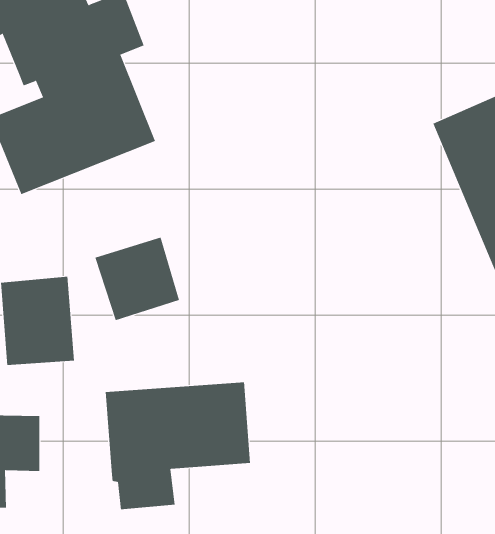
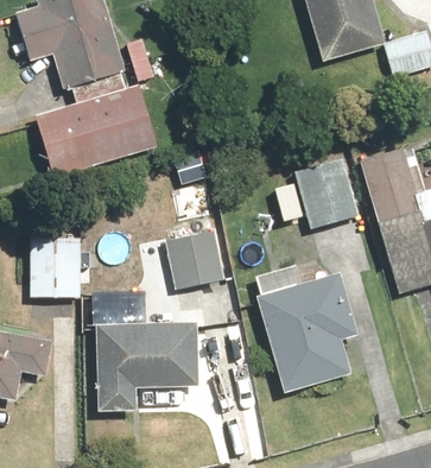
building: none -> [291,156,356,228]
building: [95,237,180,321] -> [163,232,221,289]
building: none -> [252,261,354,390]

